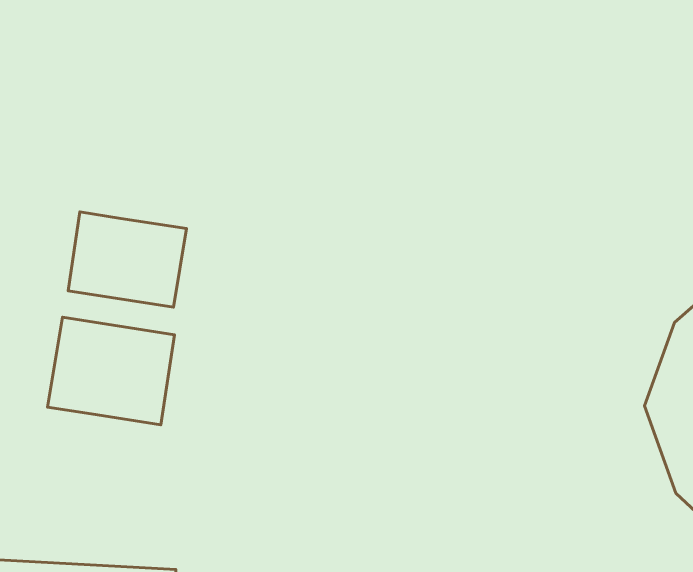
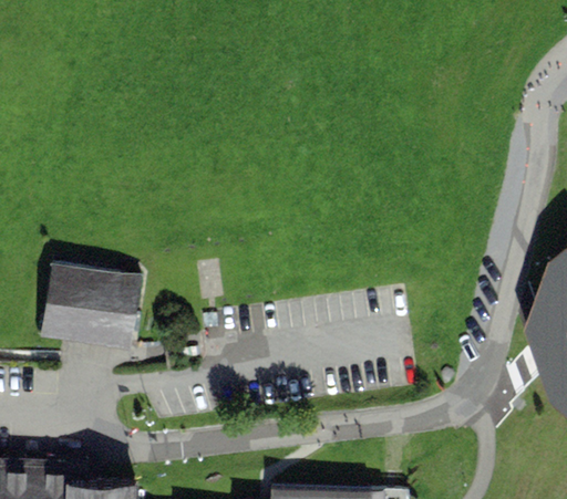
building: [68,212,186,307] -> none

